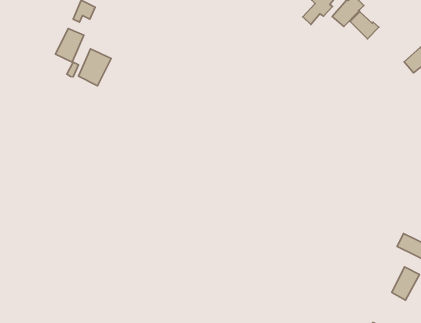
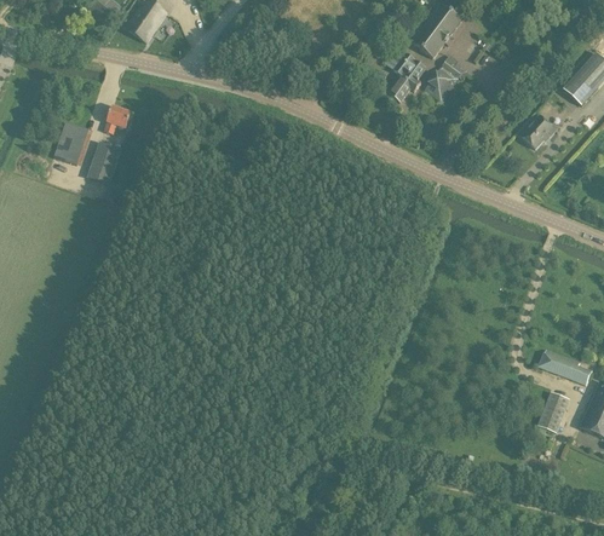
building: none -> [56,120,92,163]
building: [350,12,379,39] -> none
building: [79,49,111,86] -> none

